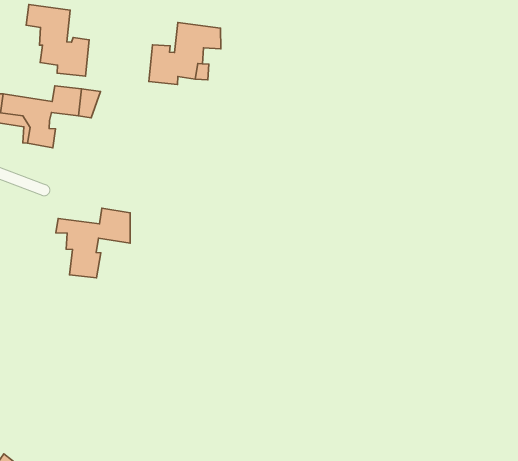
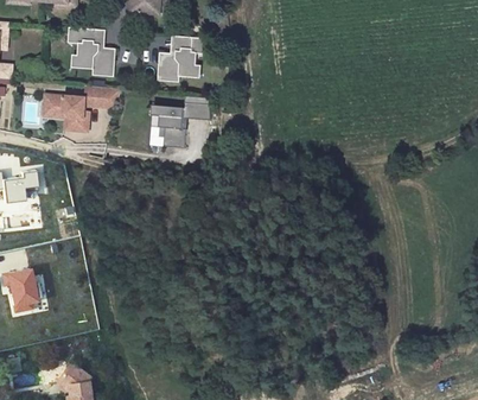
building: [56,208,130,278] -> [158,95,213,147]

